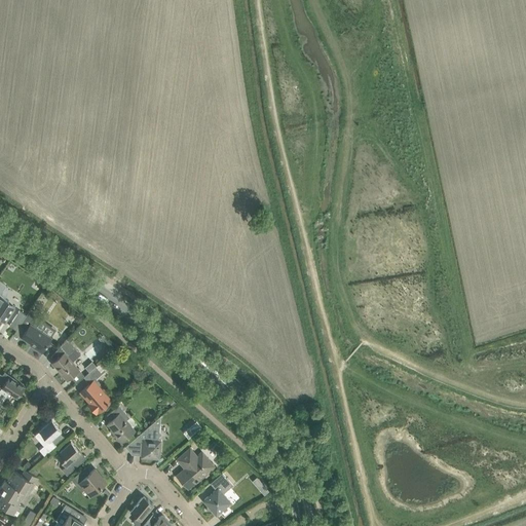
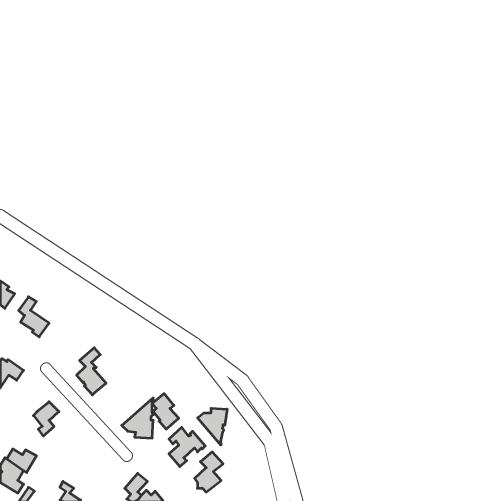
building: [52,339,80,381] -> none
building: [107,406,135,443] -> [152,394,179,429]
building: none -> [198,408,227,445]
building: [55,443,81,476] -> none
building: [72,469,106,495] -> none

